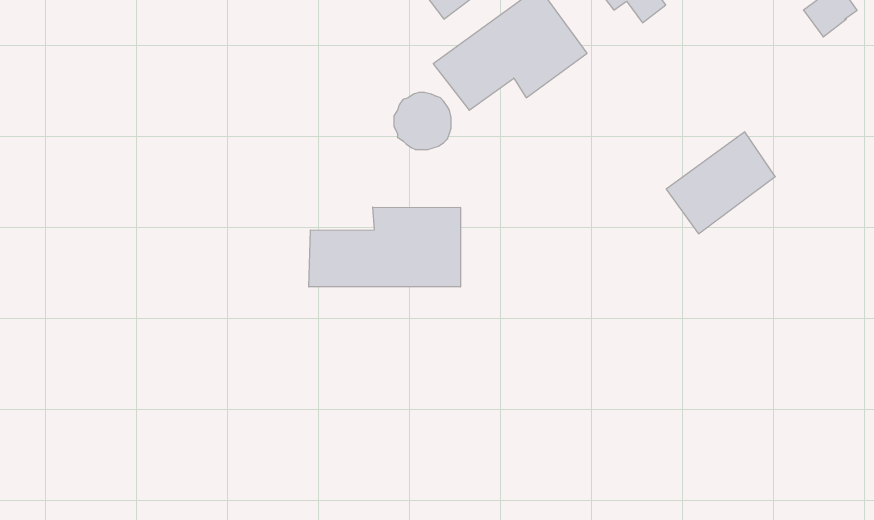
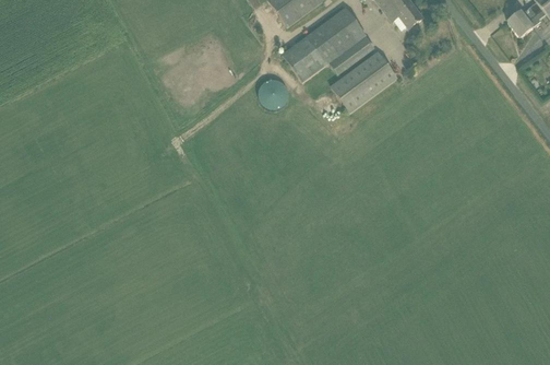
building: [666,132,775,234] -> [330,50,396,113]
building: [309,207,460,287] -> none

